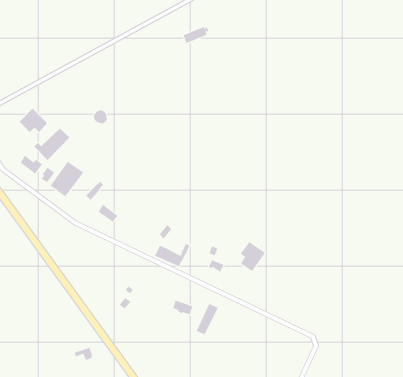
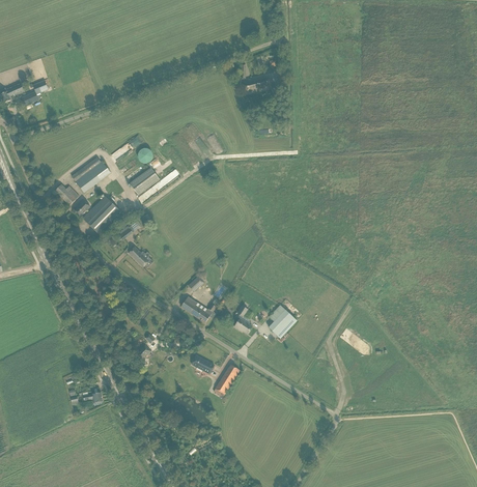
building: [19,108,48,133] -> none
building: none -> [129,166,159,194]

